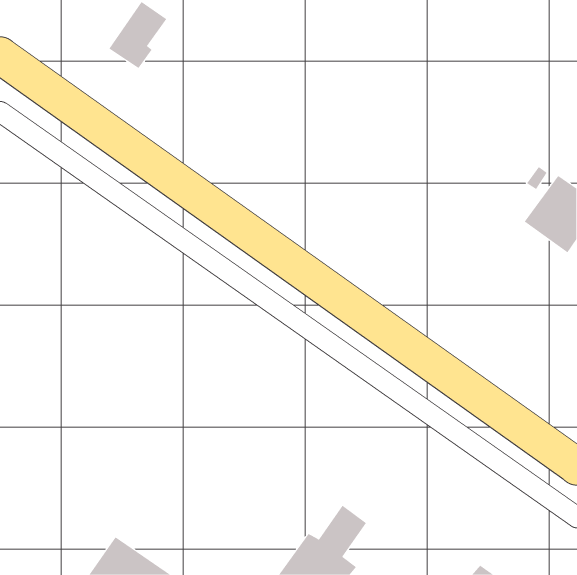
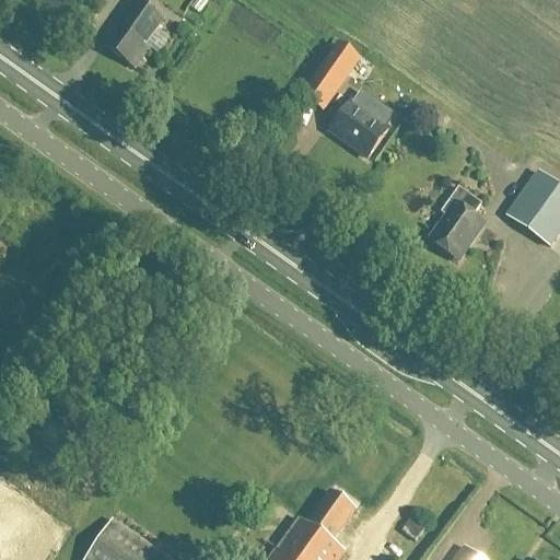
building: none -> [304,46,358,108]
building: none -> [329,94,388,158]
building: none -> [430,187,483,260]

